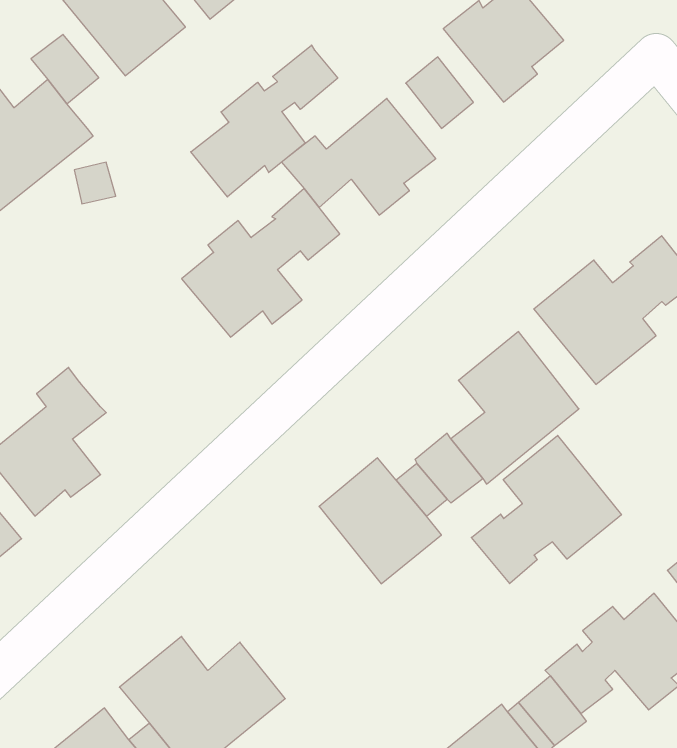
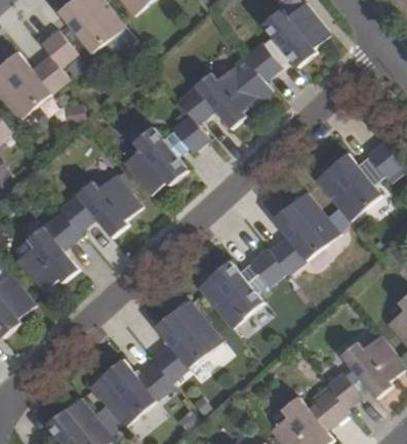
building: [191,45,338,197] -> none
building: none -> [58,173,141,238]
building: [471,435,621,584] -> none
building: none -> [151,299,220,381]

